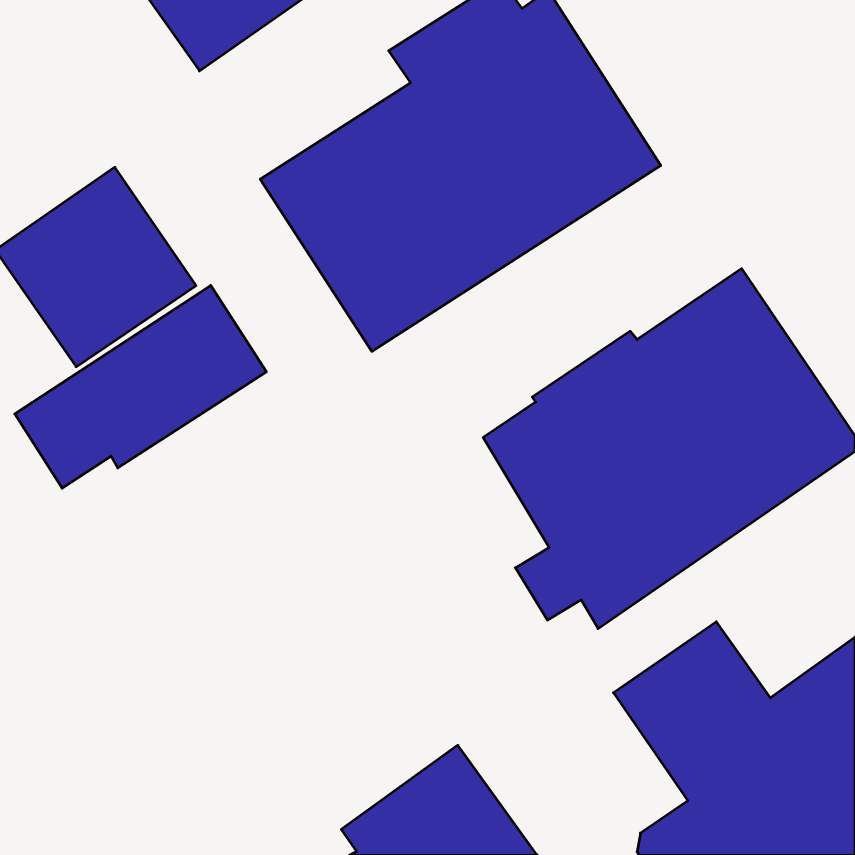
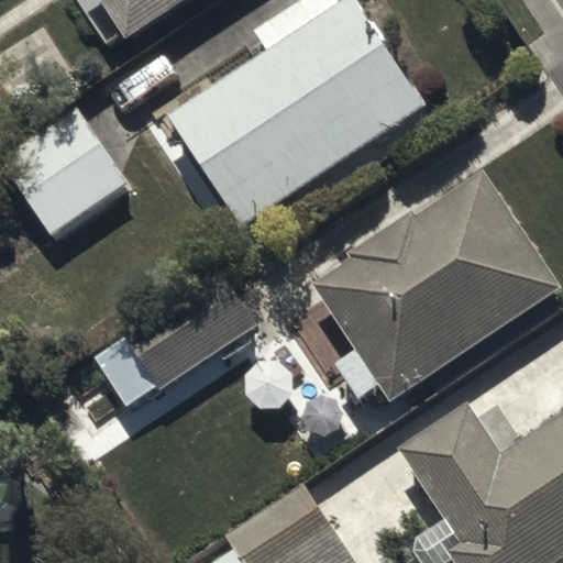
building: [15,285,266,488] -> [96,274,260,406]

